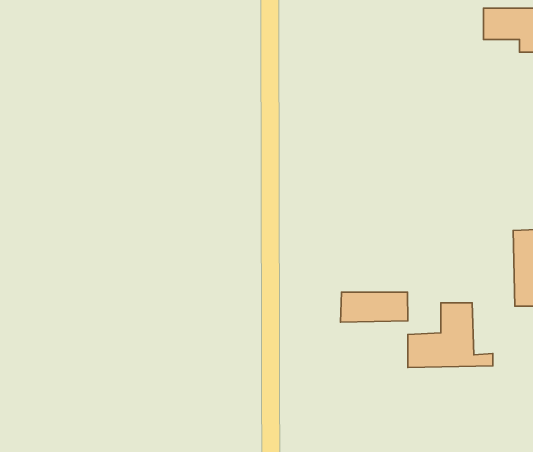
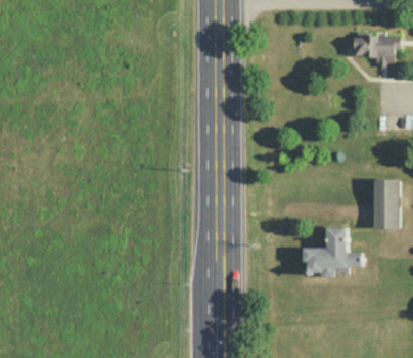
building: [341,292,408,322] -> none

